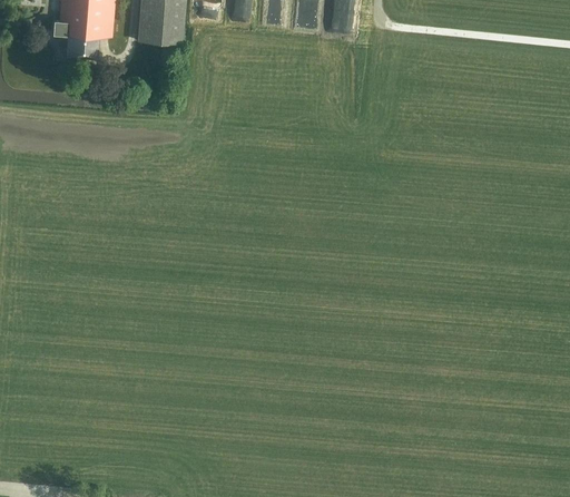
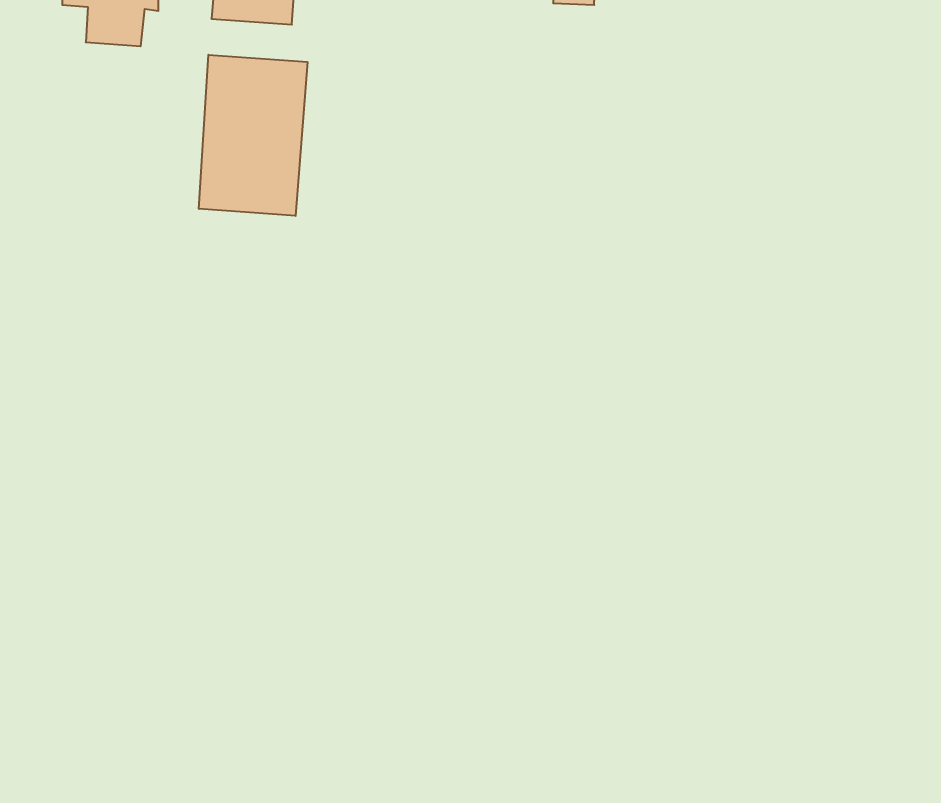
building: none -> [199,55,307,216]

